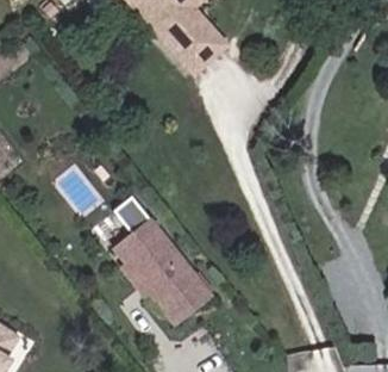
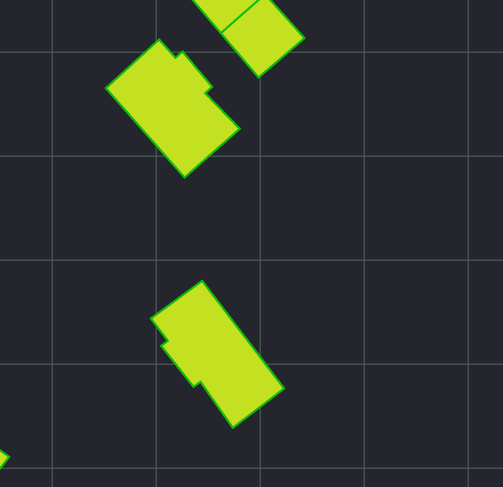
building: none -> [106,39,240,177]

